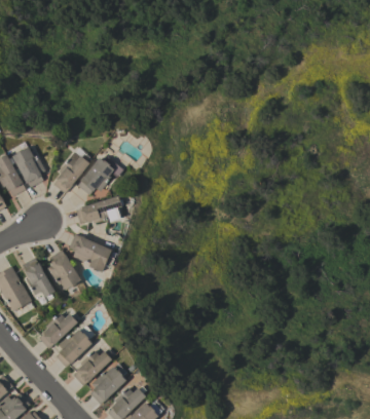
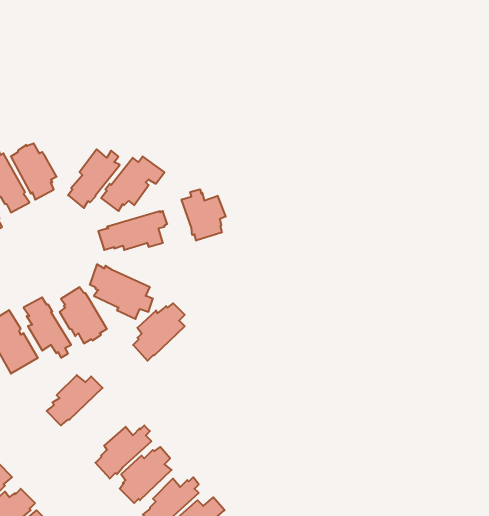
building: none -> [182,189,226,241]
building: [56,327,92,368] -> [133,303,185,361]

